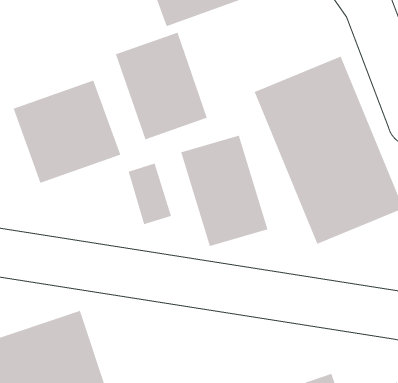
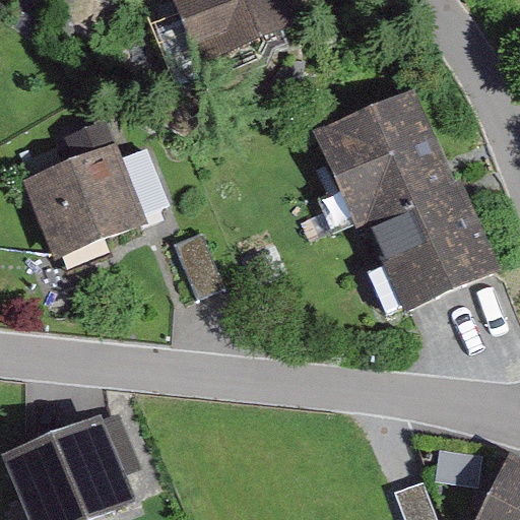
building: [115,32,208,140] -> none
building: [181,135,268,247] -> none

